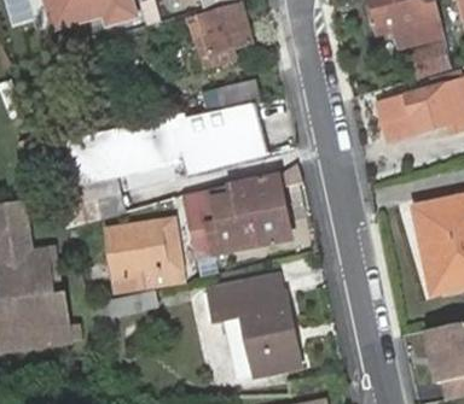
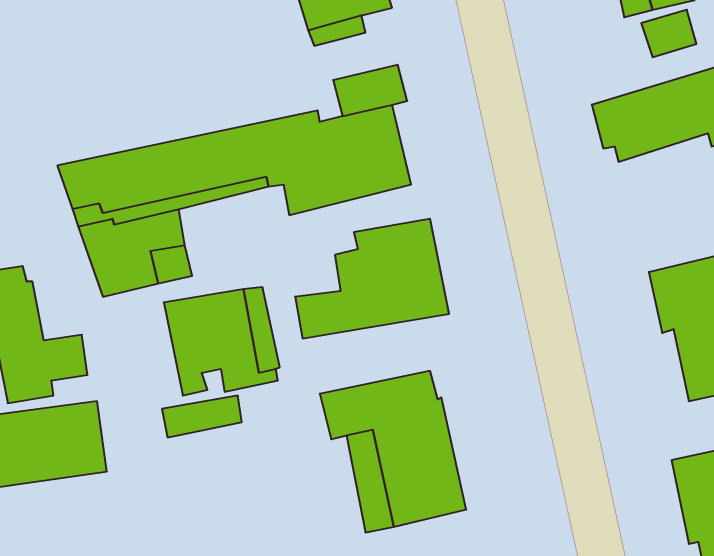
building: [186,185,231,226] -> none

